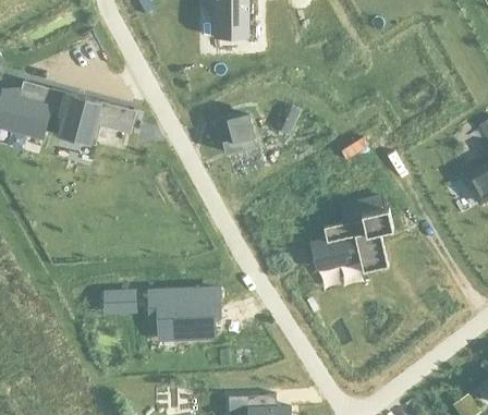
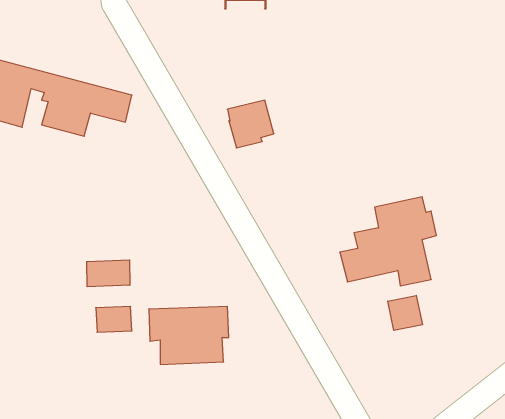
building: none -> [87,260,130,287]
building: none -> [388,295,422,330]

